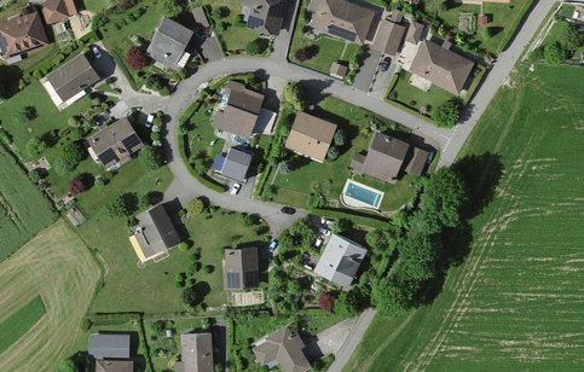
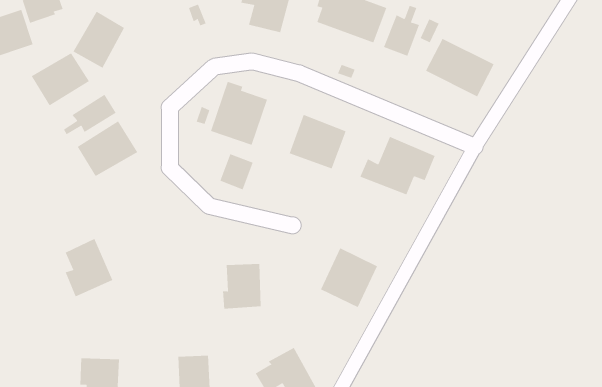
building: [144,16,192,69] -> [73,11,125,69]
building: none -> [63,94,116,135]
building: [135,203,180,257] -> [65,238,113,297]

